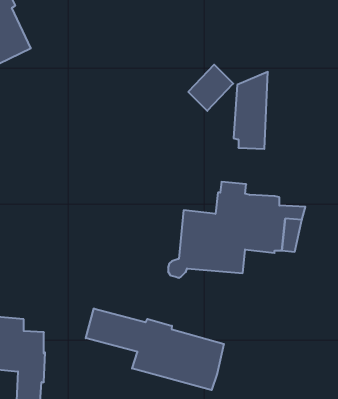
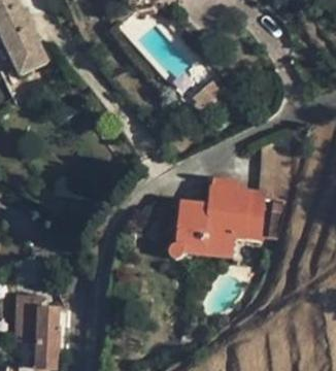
building: [234,72,268,149] -> [260,131,290,198]
building: [86,308,224,390] -> none

